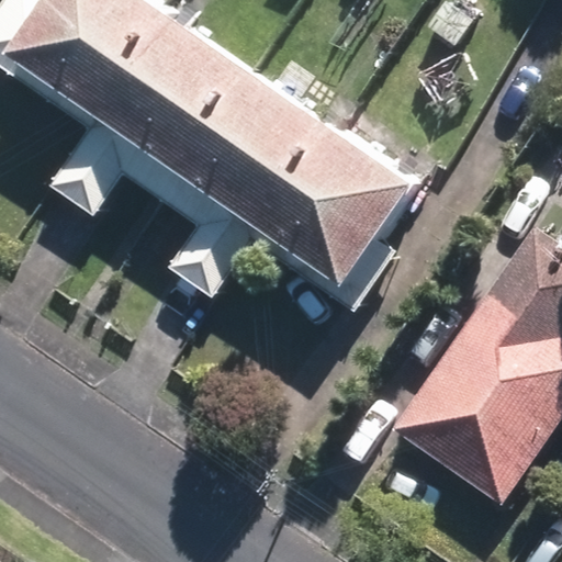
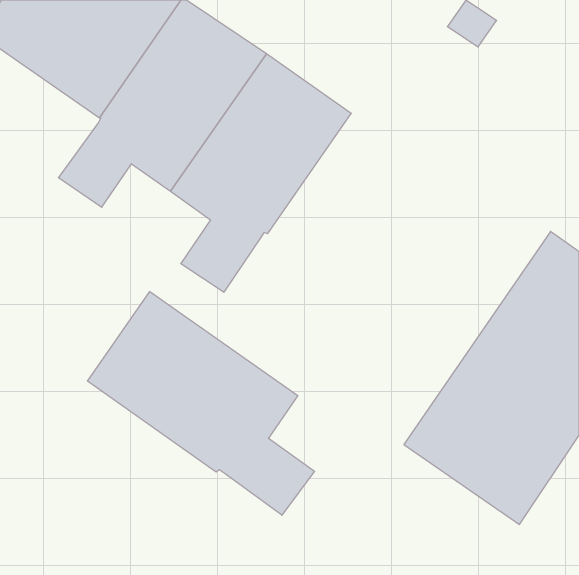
building: [257,119,426,306] -> none
building: none -> [87,292,315,515]

